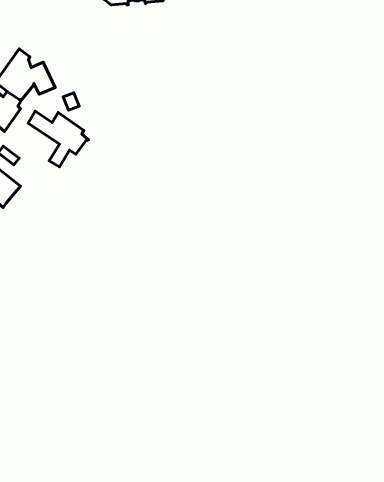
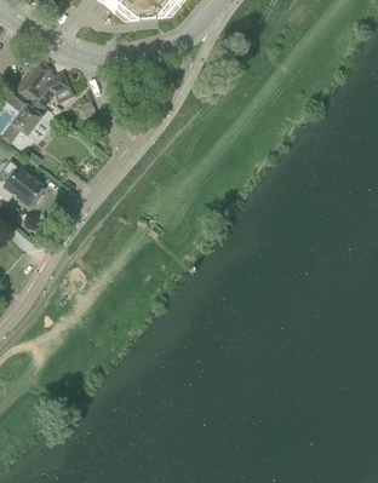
building: [28,111,89,167] -> none

